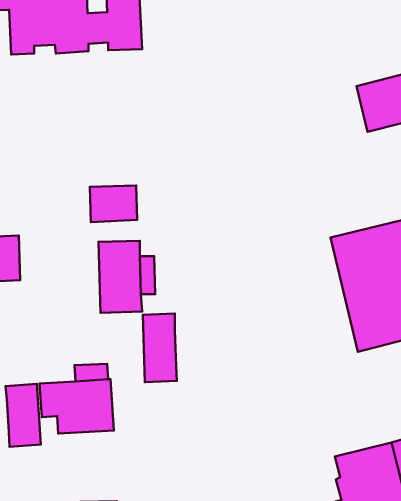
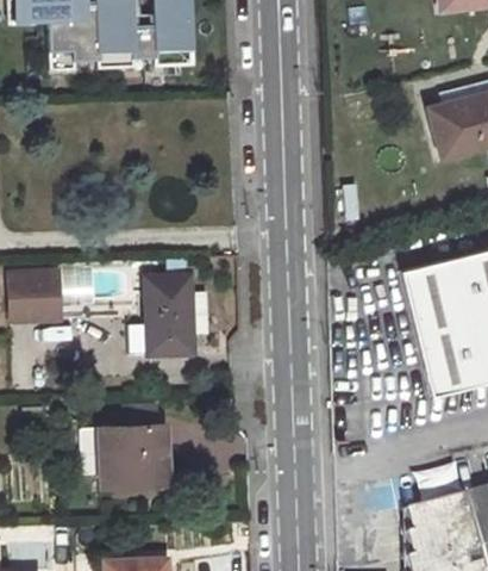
building: [90,185,137,222] -> none
building: [143,314,177,382] -> none
building: [6,384,41,447] -> none

